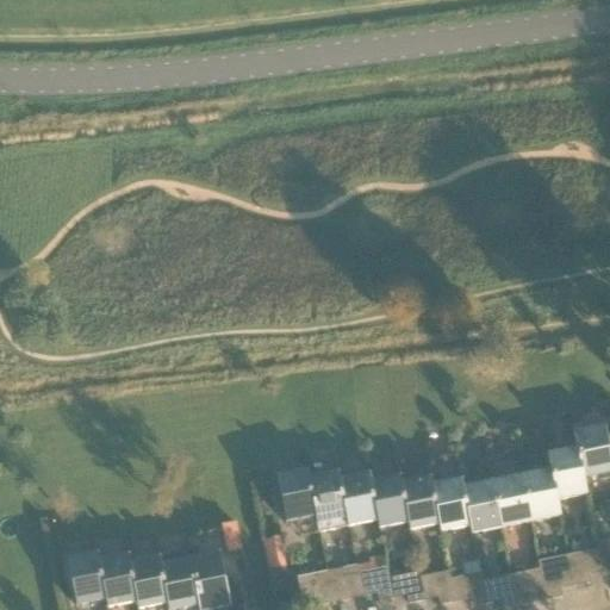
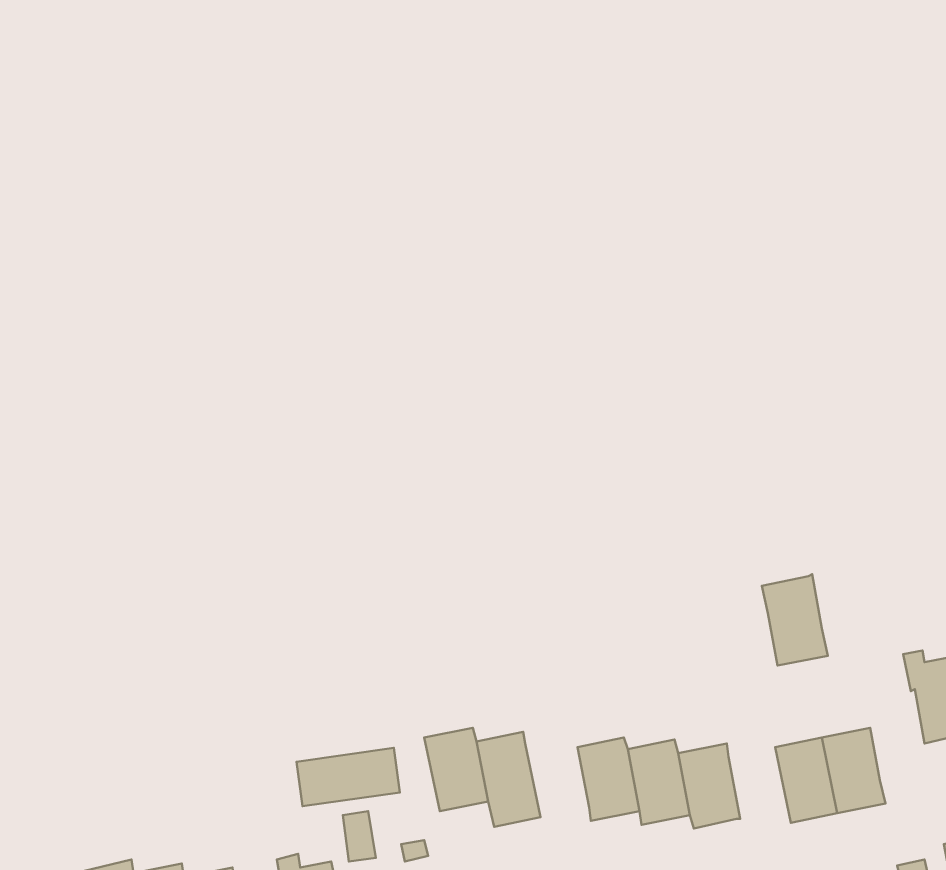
building: [548,444,589,500] -> [762,574,828,665]
building: [340,472,379,523] -> none
building: [465,480,503,533] -> none
building: none -> [296,748,400,806]

